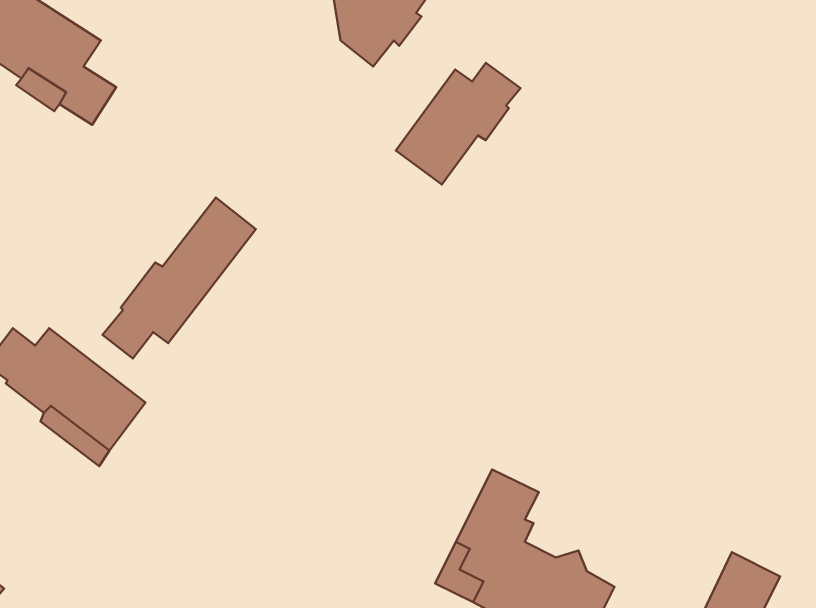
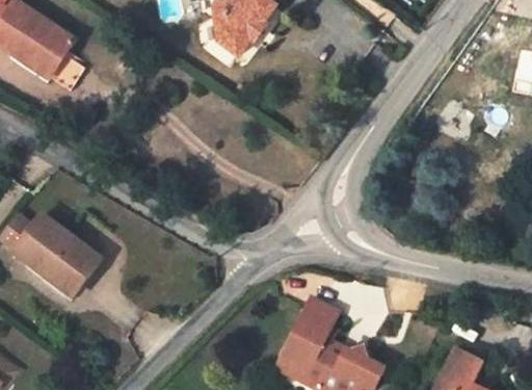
building: [396,63,521,185] -> none
building: [102,197,256,359] -> none

